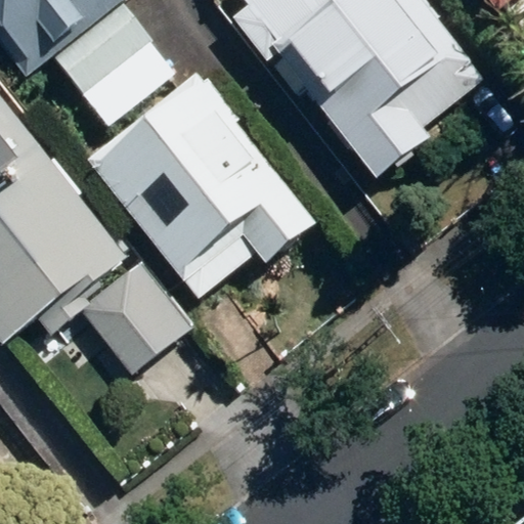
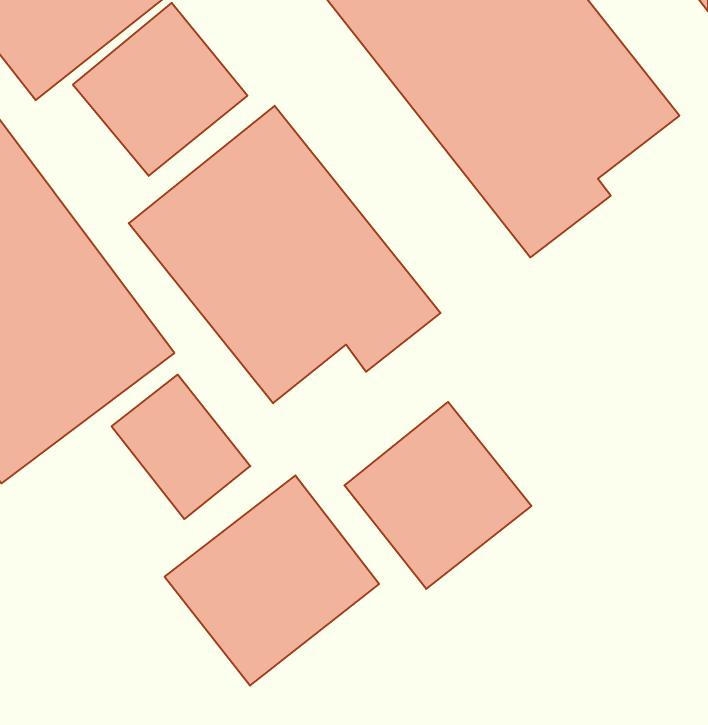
building: none -> [344,402,531,589]
building: none -> [165,475,379,686]

